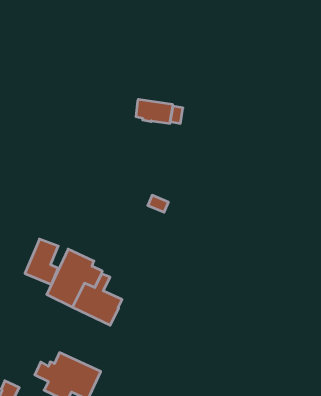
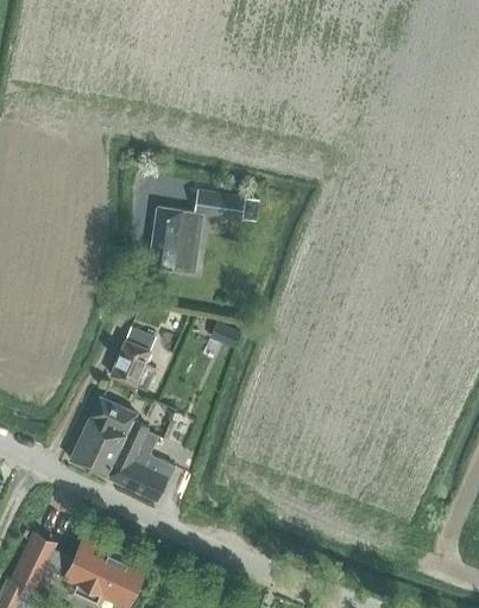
building: none -> [147,208,202,272]
building: [25,239,58,284] -> [108,328,155,391]
building: none -> [11,534,52,589]

